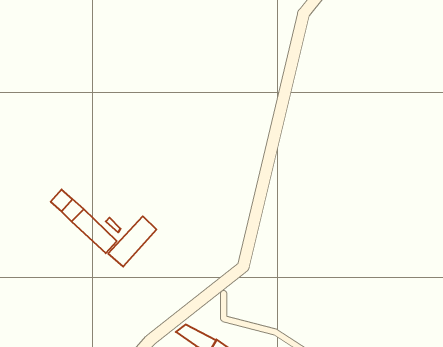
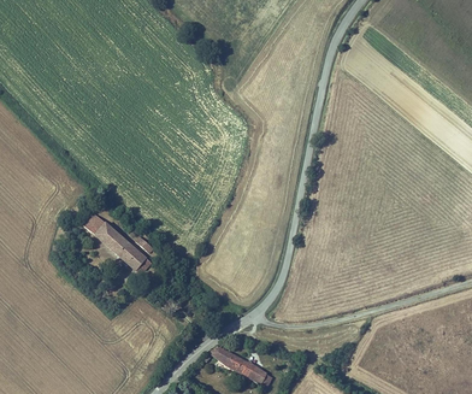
building: [108,216,156,267] -> none

